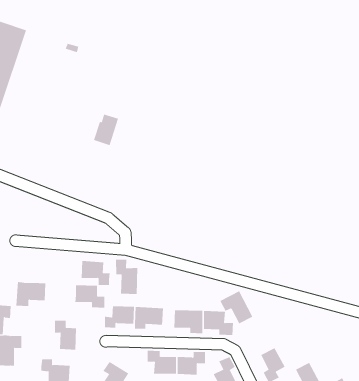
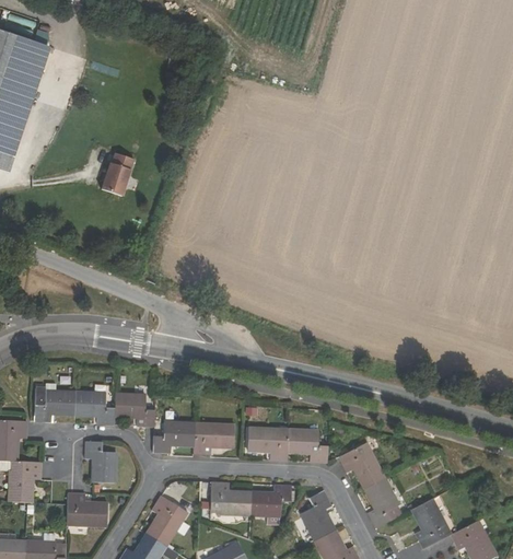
building: [93,114,119,146] -> [98,152,133,196]
building: [116,259,138,295] -> none
building: [81,261,111,286] -> [73,391,114,424]
building: [219,290,253,324] -> [339,442,385,488]

